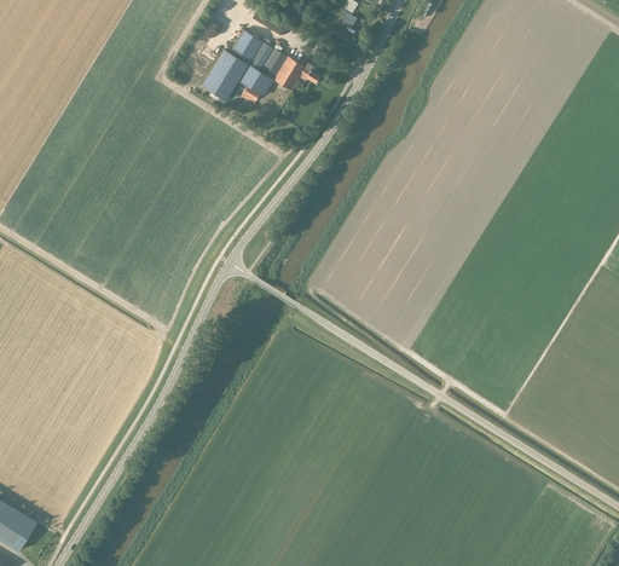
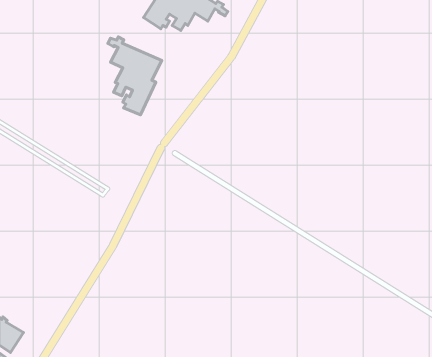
building: none -> [108,37,162,115]

